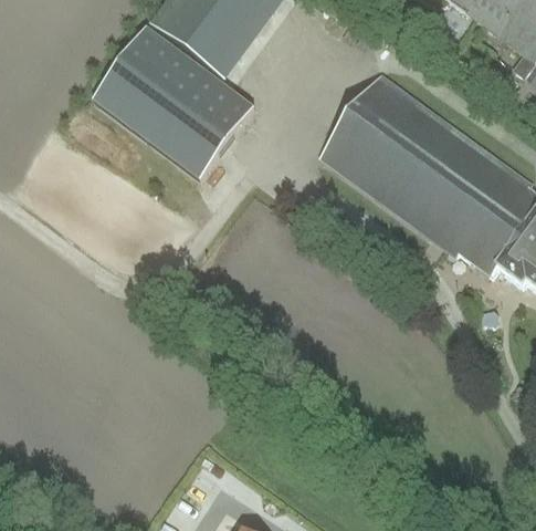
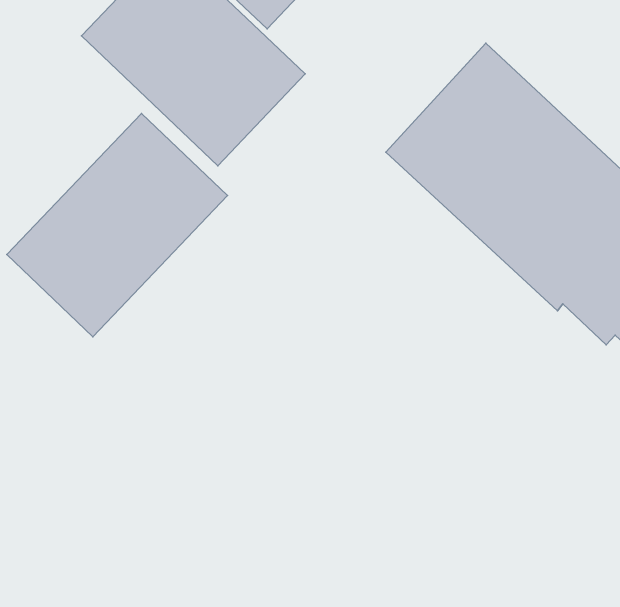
building: none -> [7,113,227,337]

